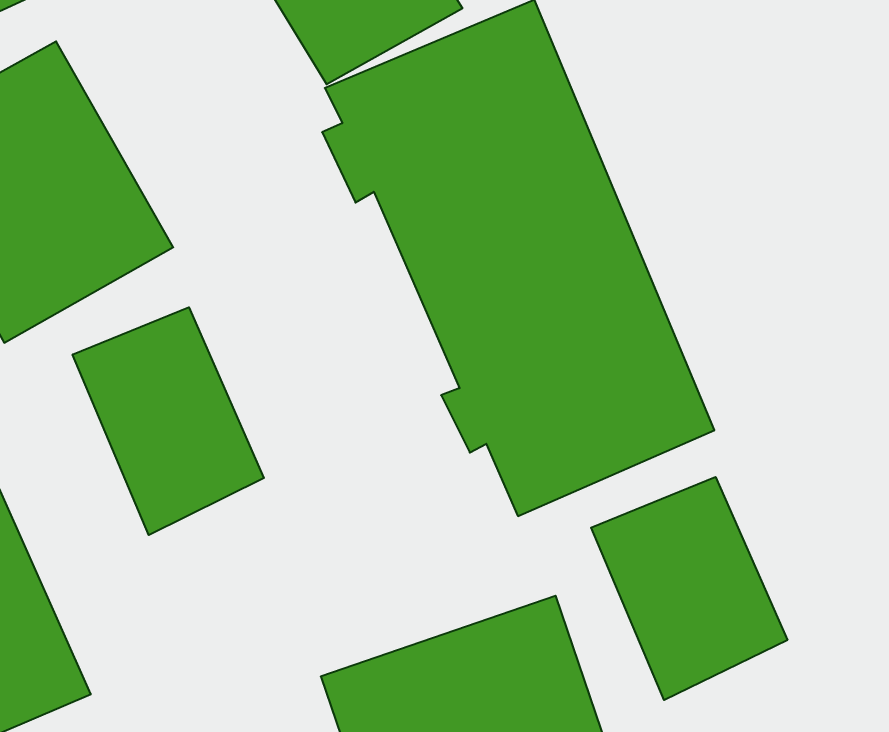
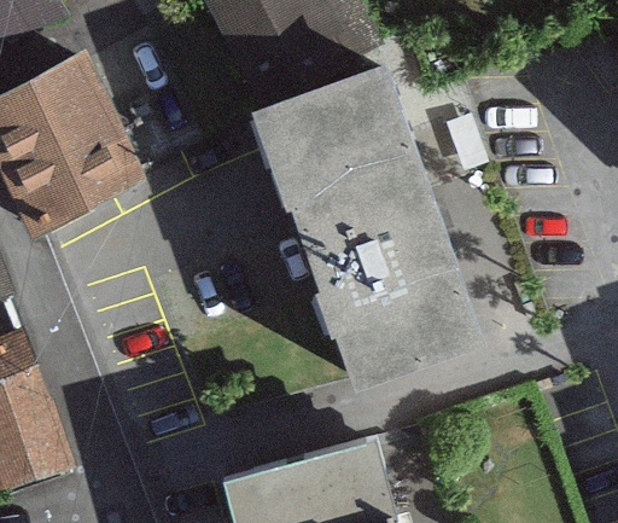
building: [73,307,264,535] -> none
building: [591,477,787,700] -> none

